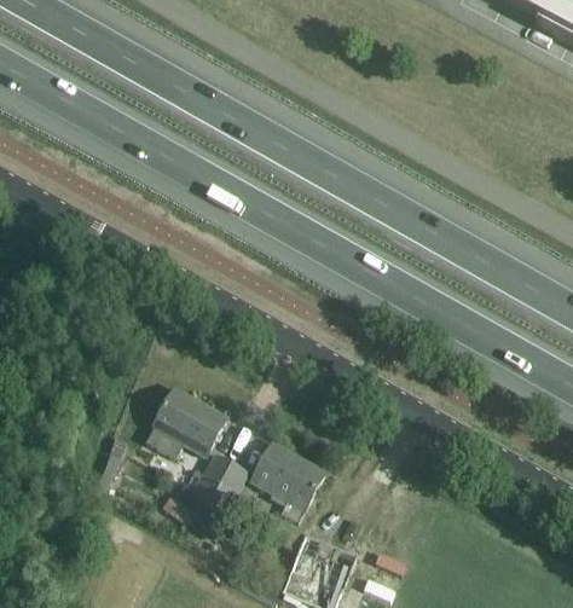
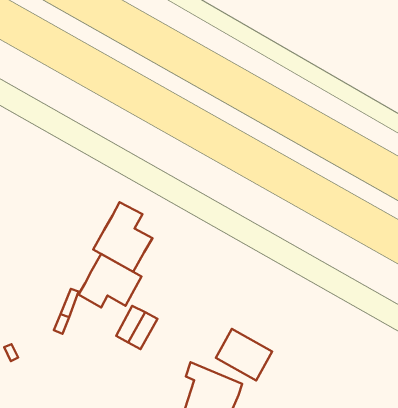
building: none -> [93,202,152,272]
building: [253,441,325,508] -> [216,329,272,381]

